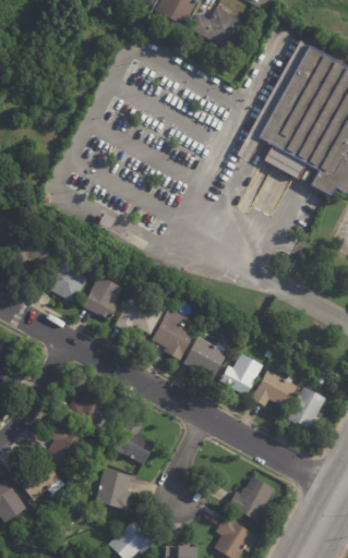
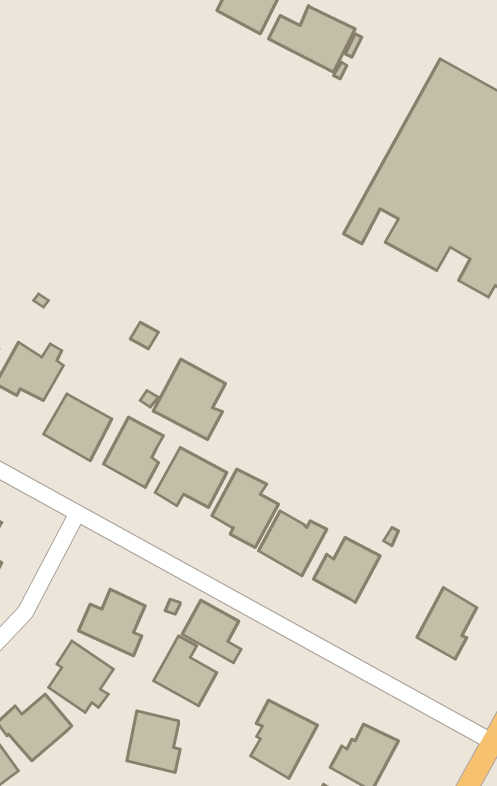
building: none -> [153,359,226,439]
building: [252,369,298,410] -> none
building: none -> [182,600,241,663]
building: none -> [251,700,317,779]

